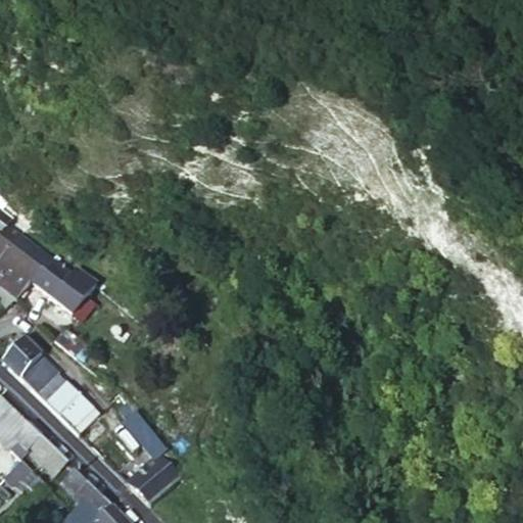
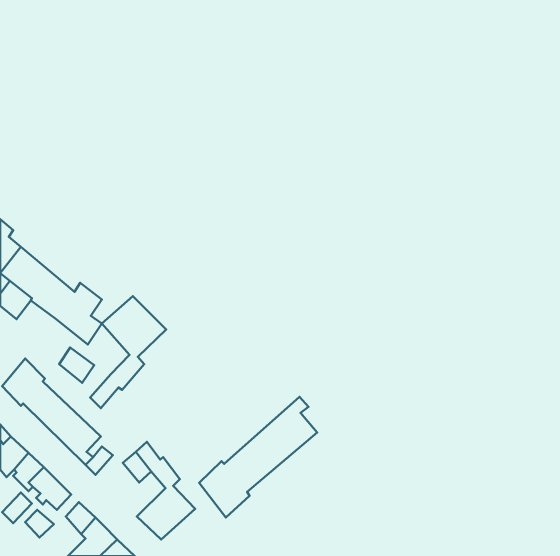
building: none -> [90,296,166,408]
building: none -> [199,397,317,517]

